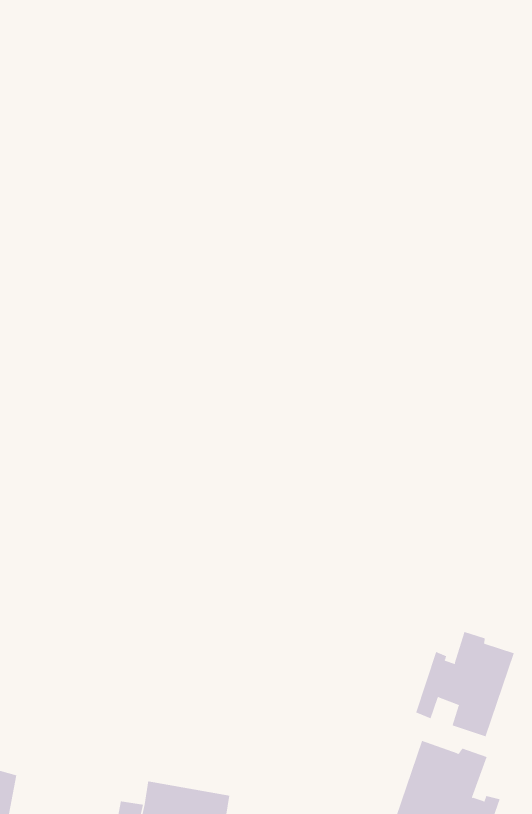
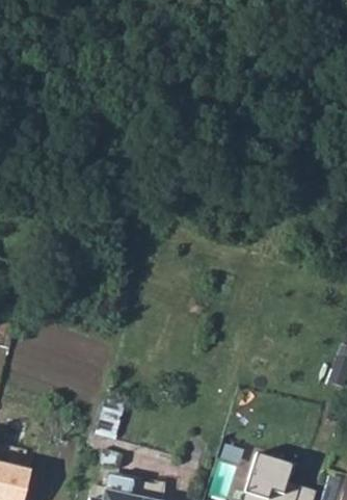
building: [415,631,515,737] -> none

